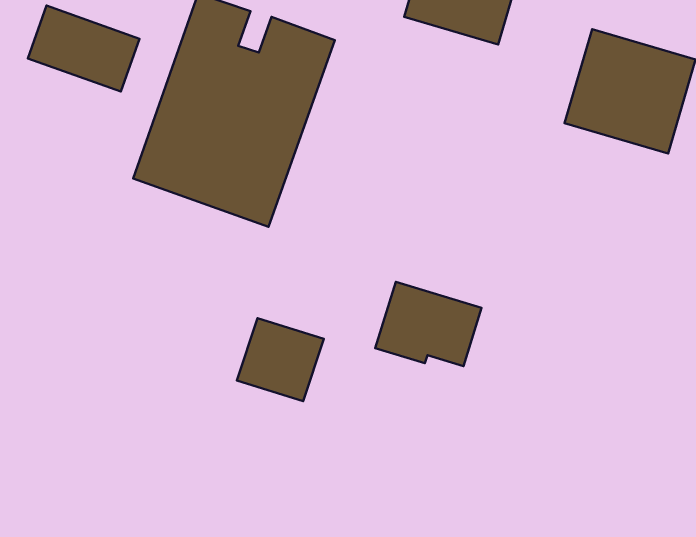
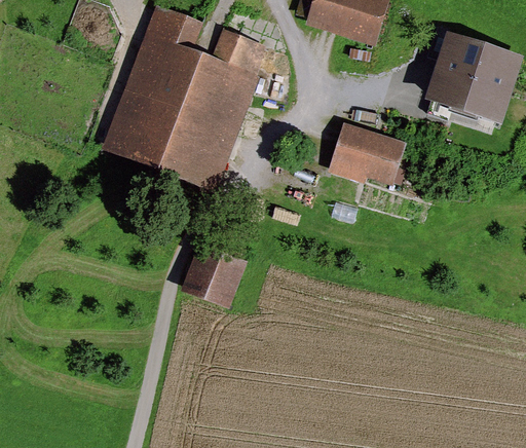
building: [28,6,139,92] -> none
building: [375,282,482,366] -> [328,123,407,186]

